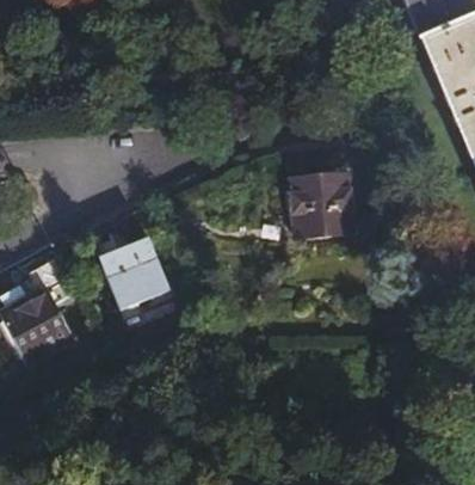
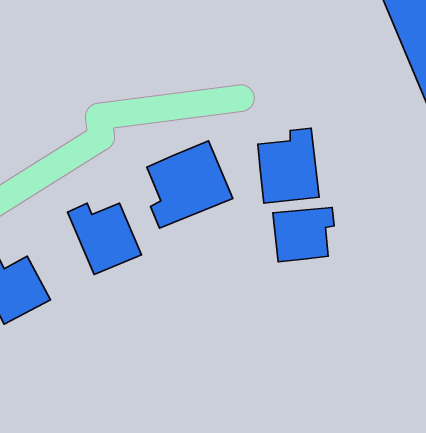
building: none -> [147,141,233,228]
building: none -> [273,207,334,262]

